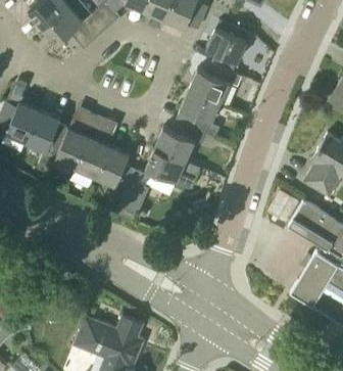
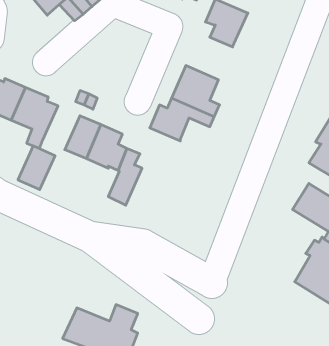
building: [188,64,242,104] -> none
building: [54,129,89,170] -> [18,146,55,190]
building: [146,149,200,189] -> none

